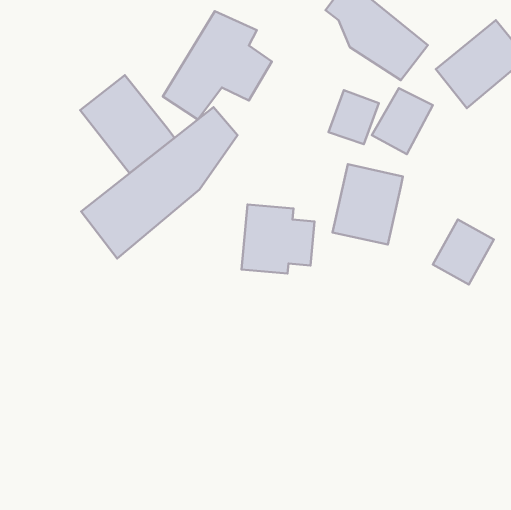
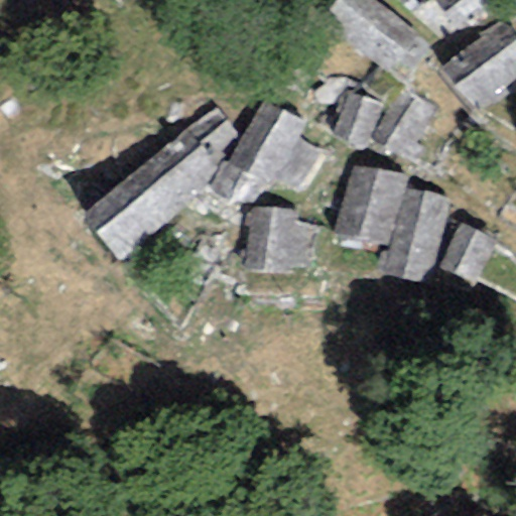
building: [163,11,272,120] -> [211,100,320,209]
building: [80,75,174,173] -> none
building: none -> [385,187,450,285]

